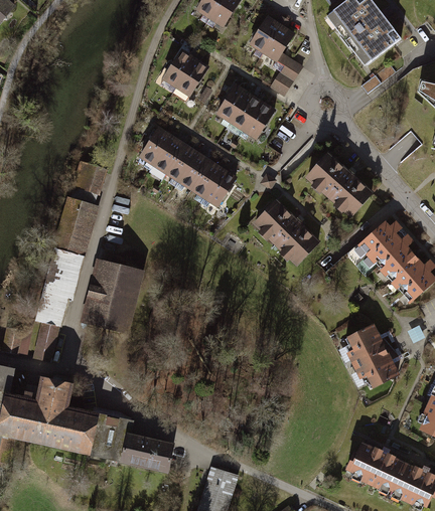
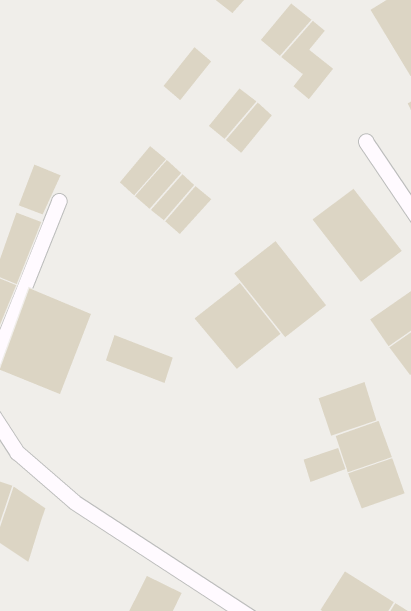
building: [160,46,196,90] -> none
building: [243,102,277,142] -> none
building: [136,126,172,167] -> none
building: [203,171,236,209] -> none
building: none -> [194,282,282,370]
building: none -> [105,334,174,384]
building: none -> [318,381,377,436]
building: none -> [303,447,346,483]
building: [120,432,173,474] -> none

